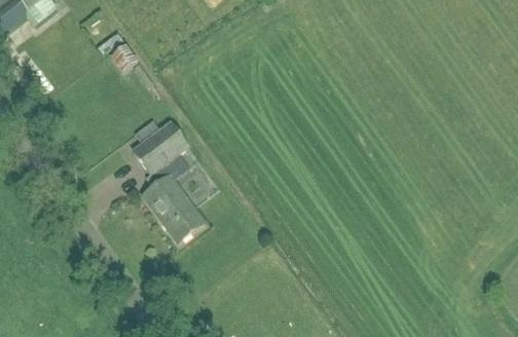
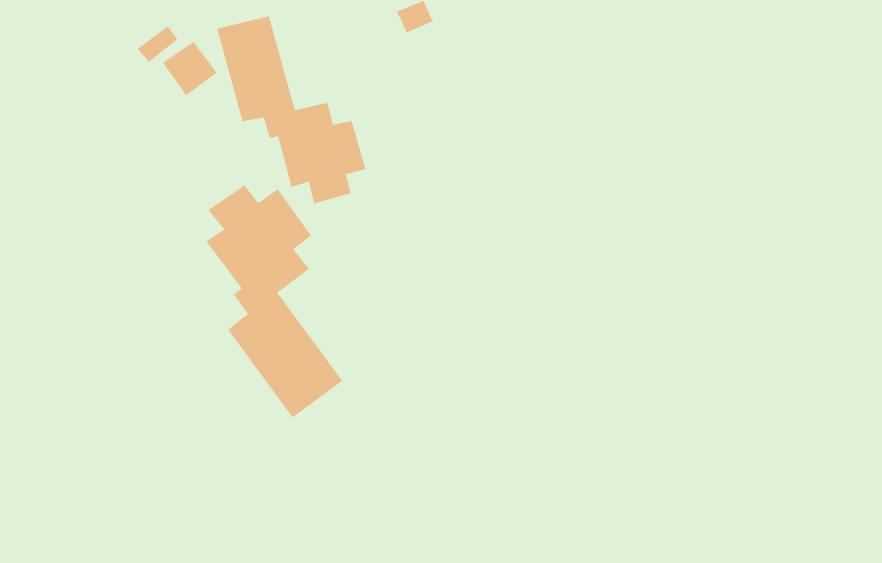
building: none -> [216,16,366,204]

